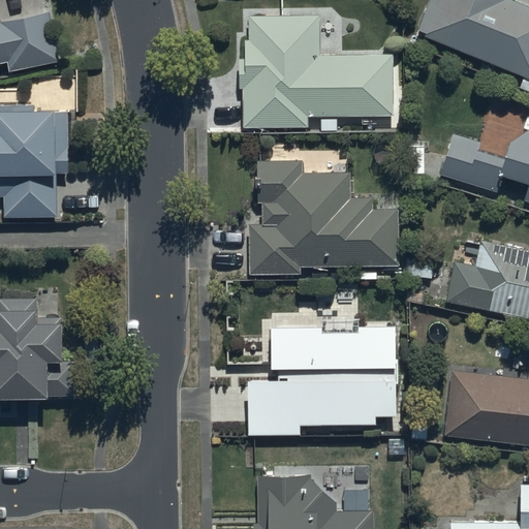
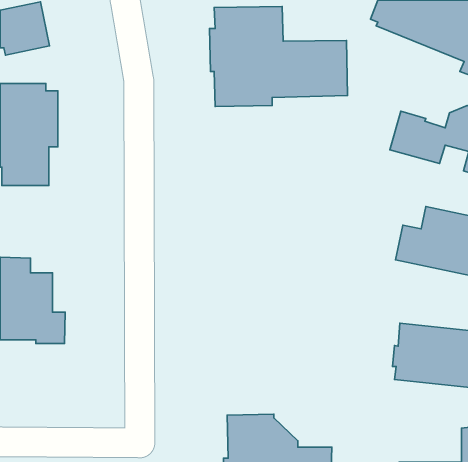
building: [248,160,399,274] -> none
building: [246,319,398,436] -> none

